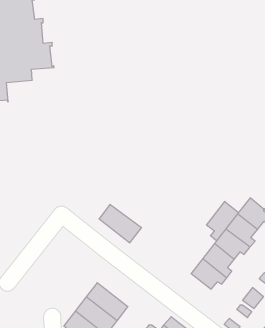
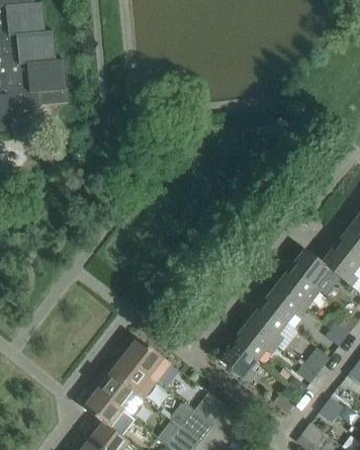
building: [207,201,239,241] -> none
building: [99,205,142,243] -> [119,335,171,381]
building: none -> [219,341,258,382]

